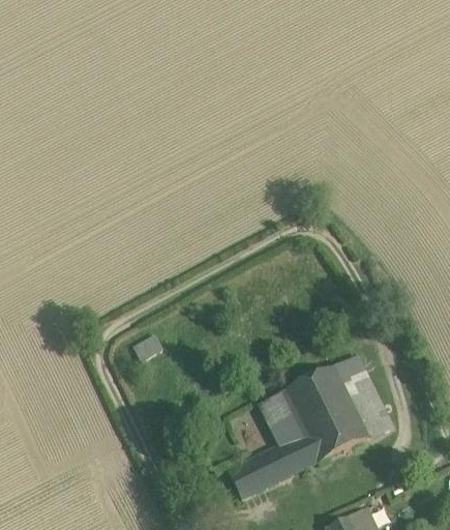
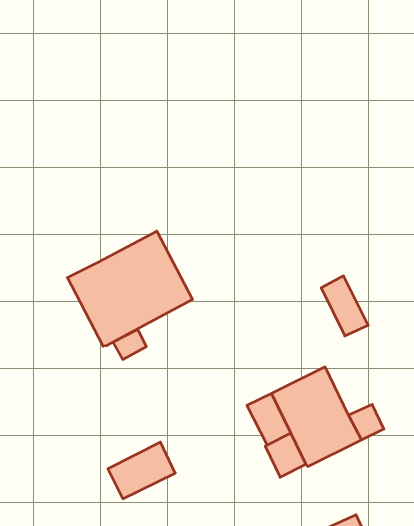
building: none -> [67,231,192,346]
building: [334,355,380,413] -> [321,276,368,336]
building: [226,443,291,498] -> [108,442,175,499]

